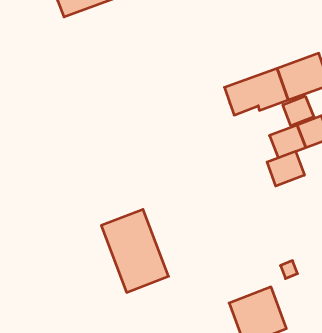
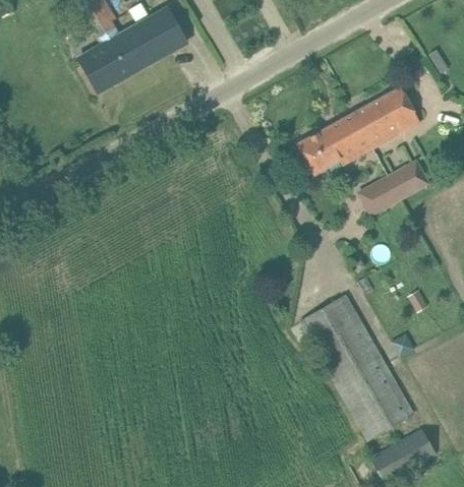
building: [283,96,314,126] -> none
building: [267,151,304,186] -> none
building: [101,209,169,292] -> [300,294,388,393]

